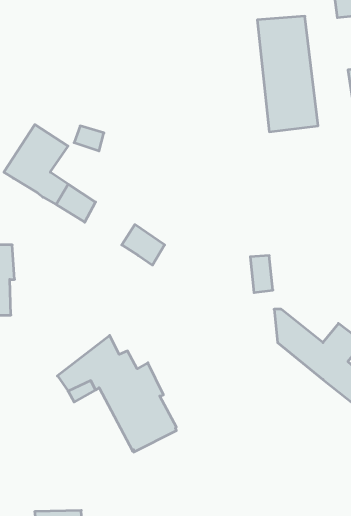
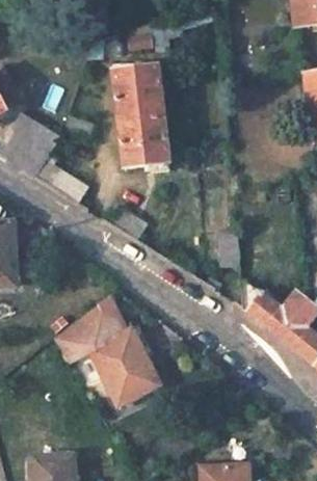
building: [257,16,318,132] -> [115,68,168,168]

